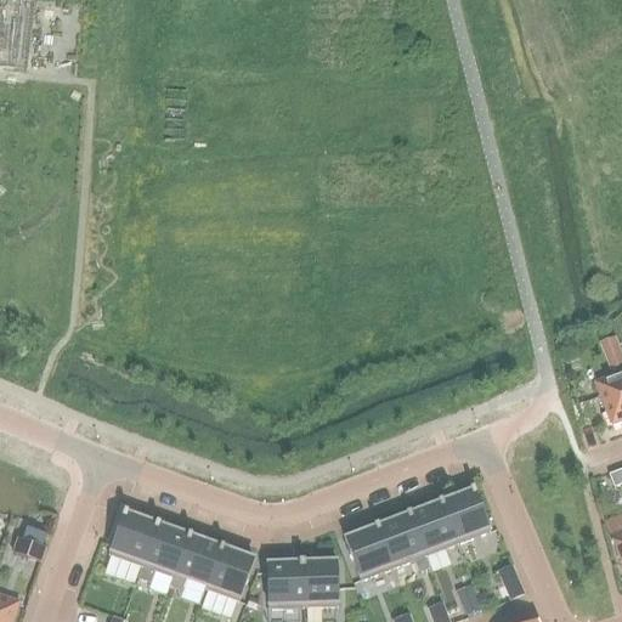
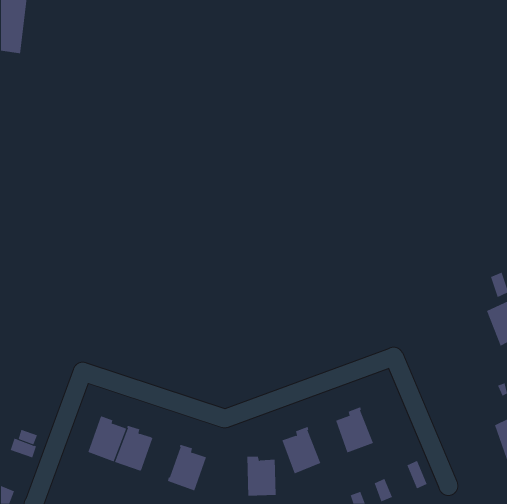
building: [442,484,491,541] -> none
building: [378,508,425,565] -> none
building: [170,530,221,588] -> none
building: [267,556,304,606] -> none

